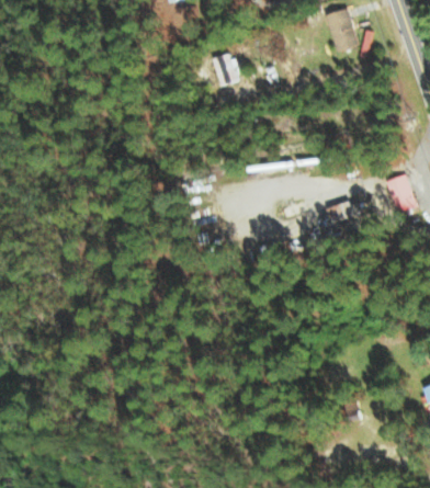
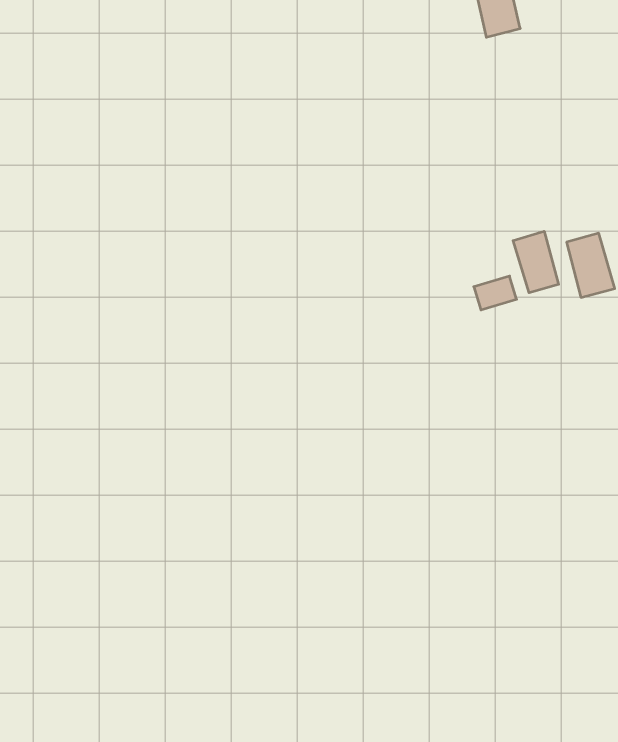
building: [214,53,238,86] -> none
building: none -> [513,231,559,293]

